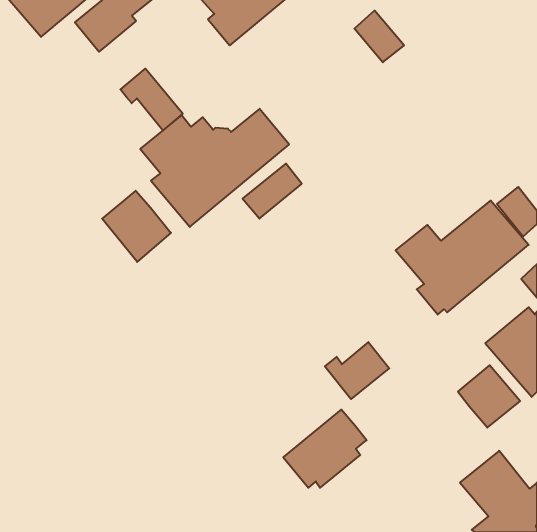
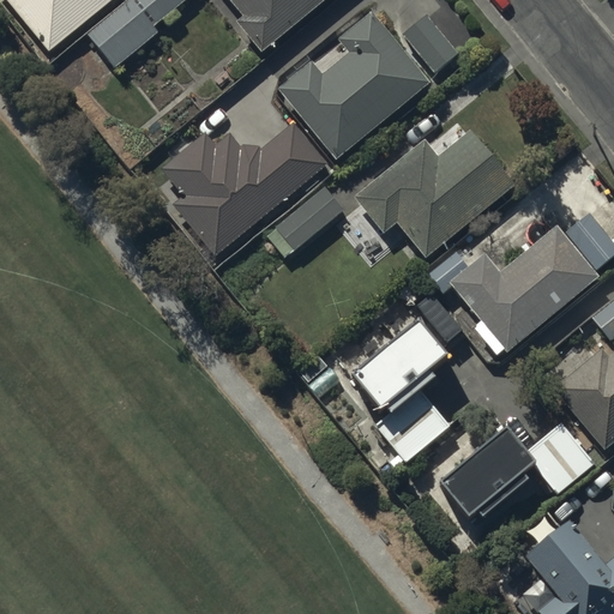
building: none -> [278,13,432,161]
building: [120,69,183,130] -> none
building: none -> [355,130,514,257]
building: [102,191,171,262] -> none
building: none -> [347,318,445,414]
building: [283,410,367,488] -> [439,427,534,516]

